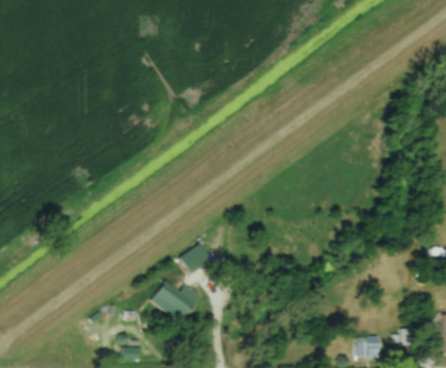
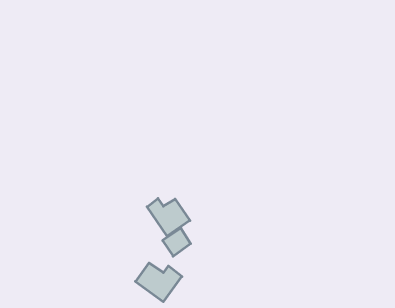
building: none -> [147,198,190,236]

